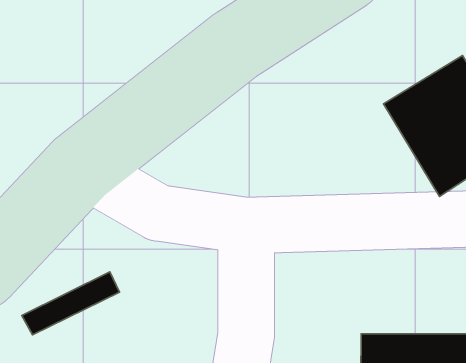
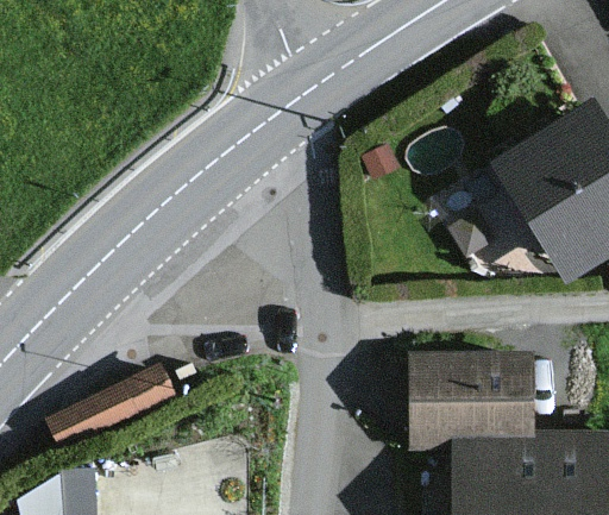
building: none -> [416,360,520,437]

